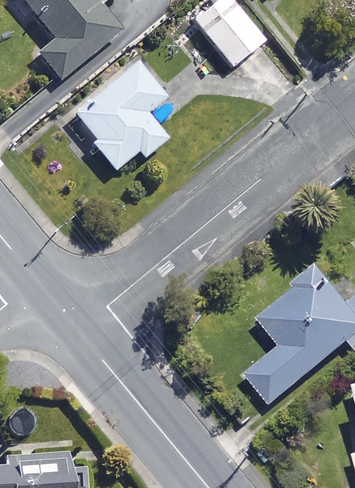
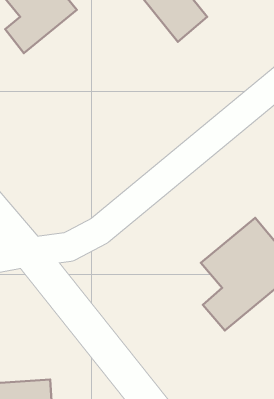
building: [71,62,167,169] -> none

